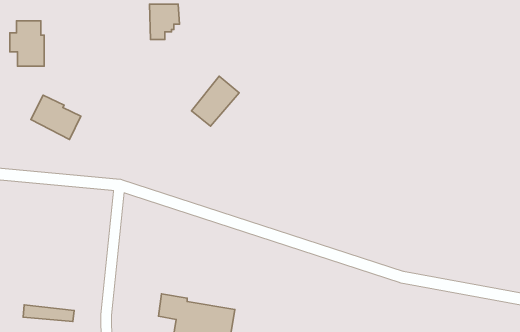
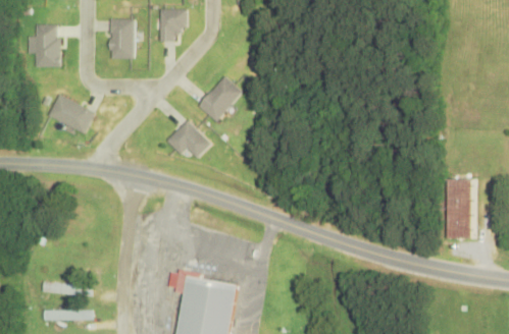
building: none -> [110,17,135,57]
building: none -> [166,119,210,157]
building: none -> [446,177,473,238]

